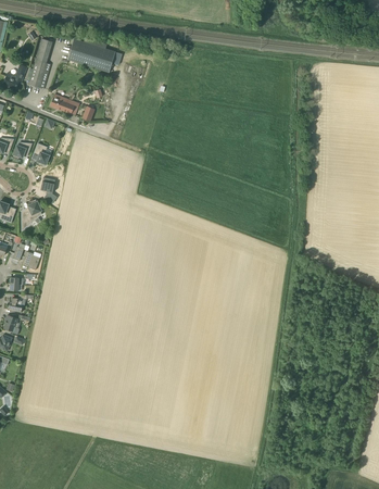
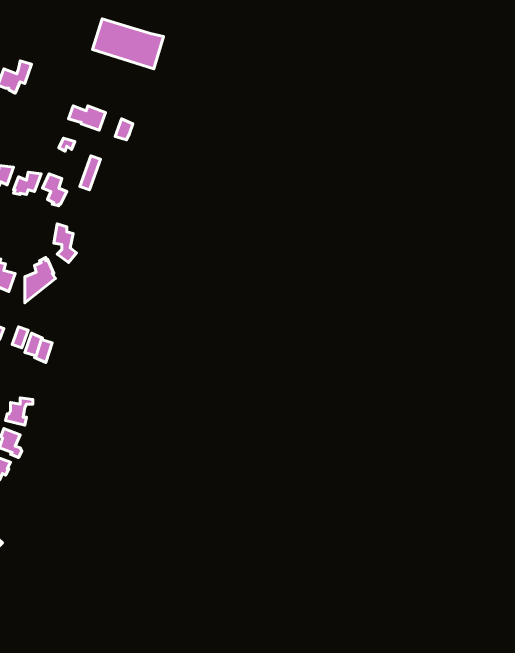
building: [27,37,52,88] -> none

